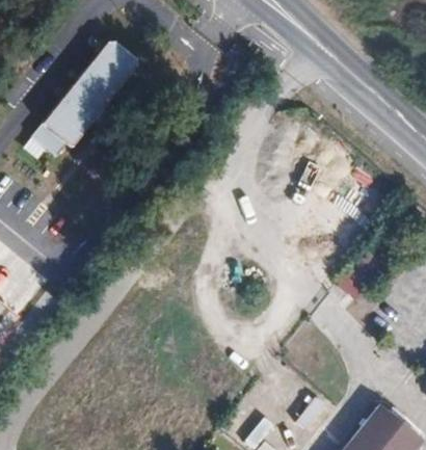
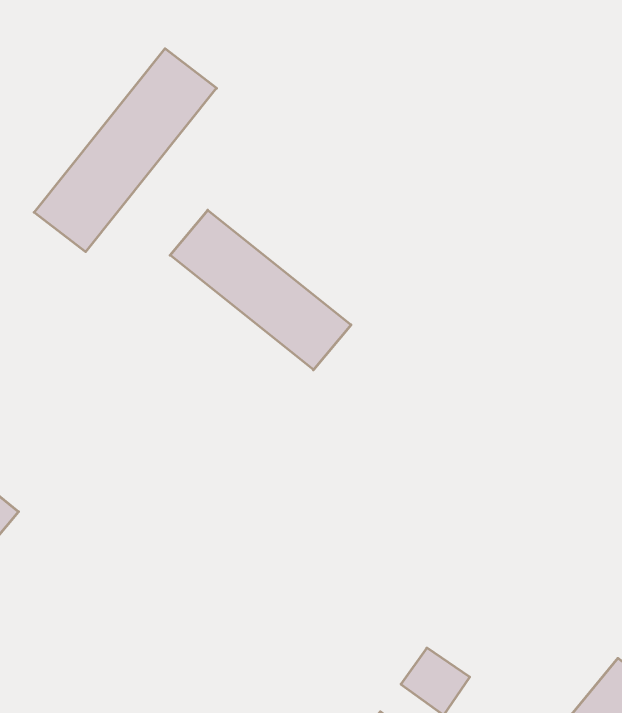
building: none -> [170,210,351,370]

